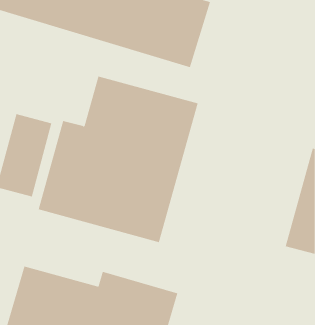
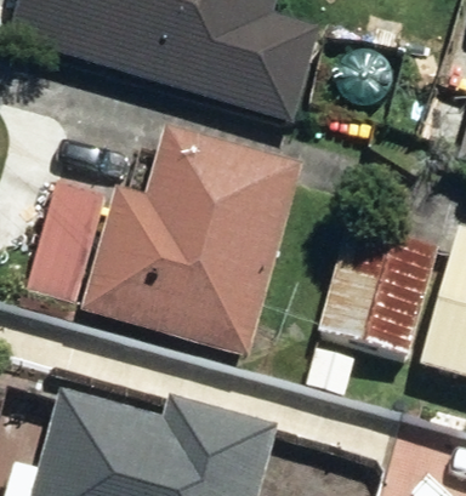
building: none -> [319,220,436,352]

